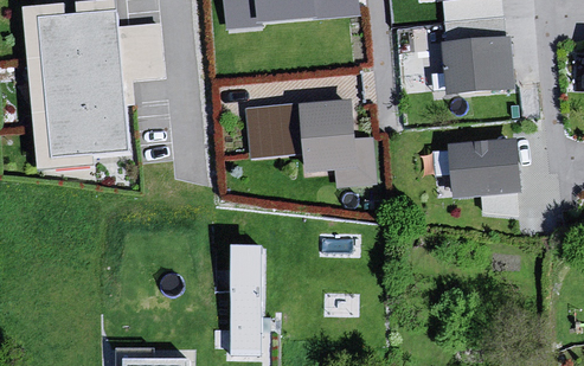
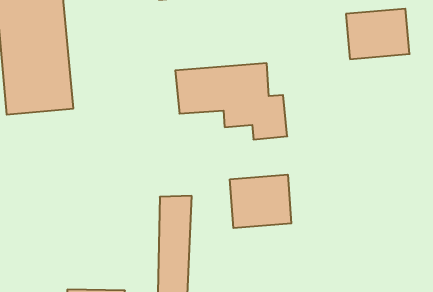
building: [445,134,519,195] -> none
building: none -> [230,175,291,228]

